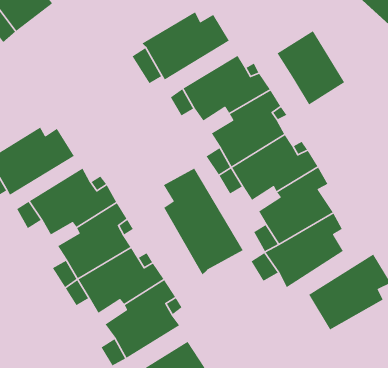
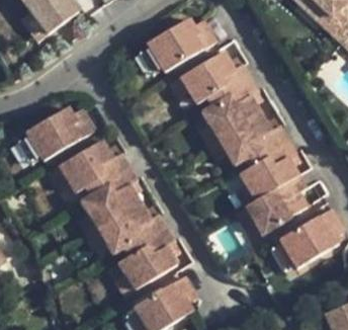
building: [277,30,345,106] -> none
building: [163,168,244,275] -> none

